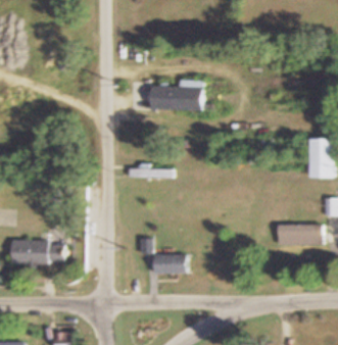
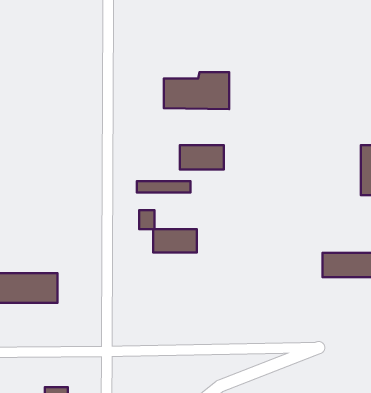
building: none -> [180,145,224,169]
building: [141,239,187,273] -> [139,210,197,252]

